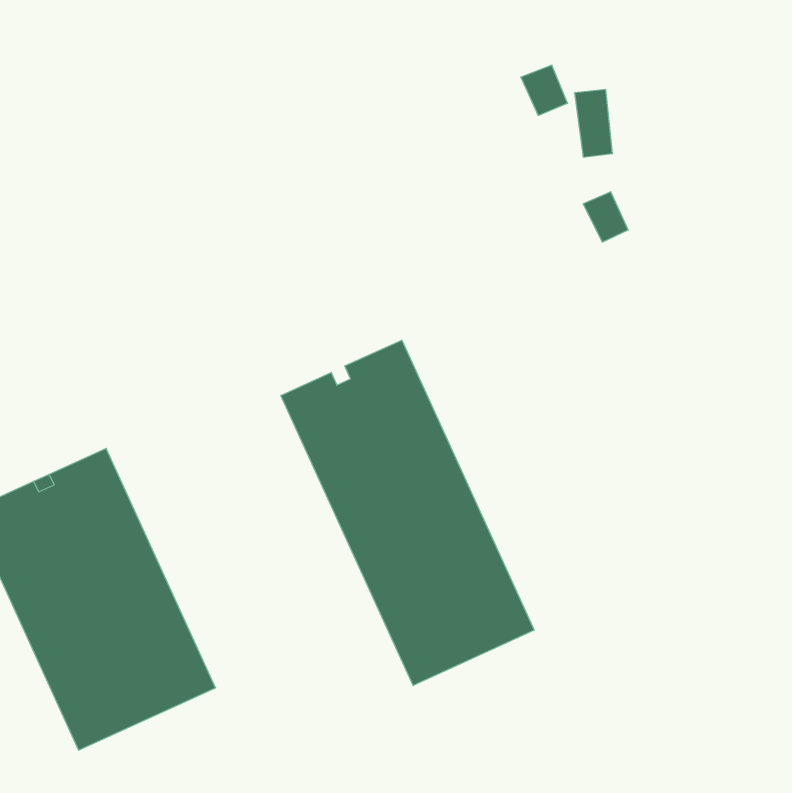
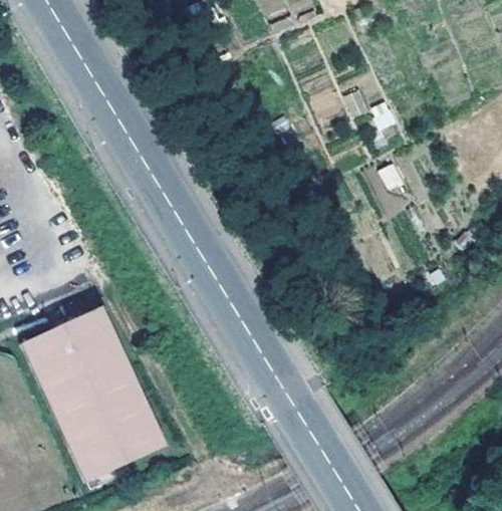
building: [281,340,534,686] -> none

